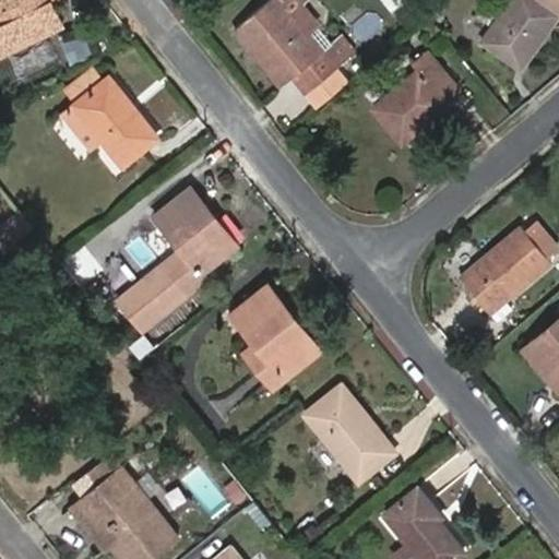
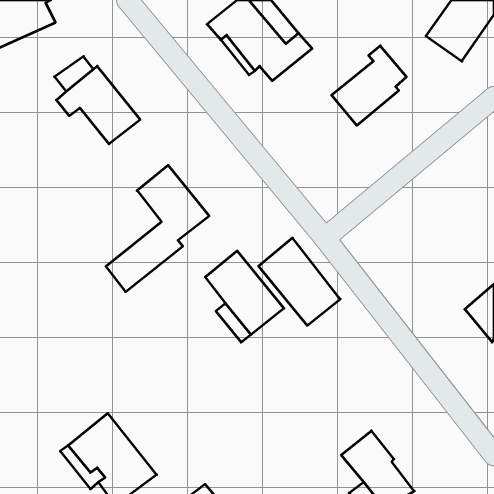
building: [459,227,550,316] -> none
building: [304,383,395,481] -> [259,238,340,325]

